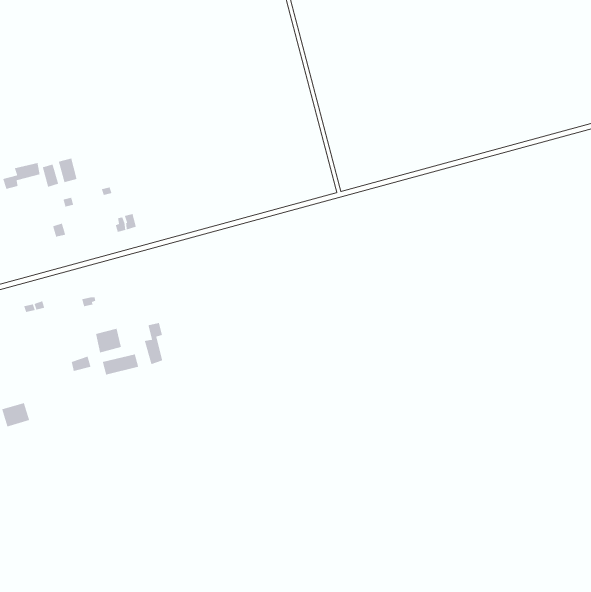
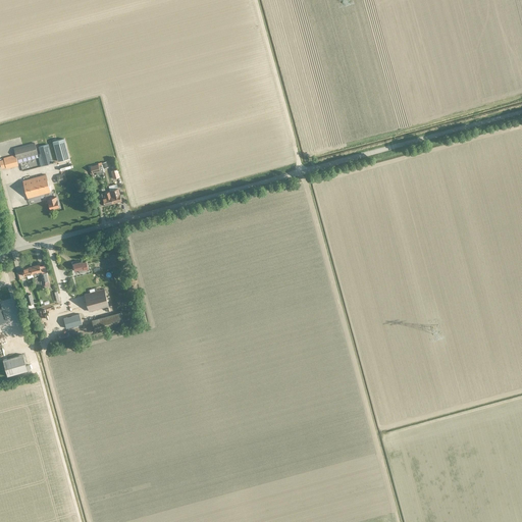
building: none -> [21,174,49,198]
building: [144,322,163,365] -> none

